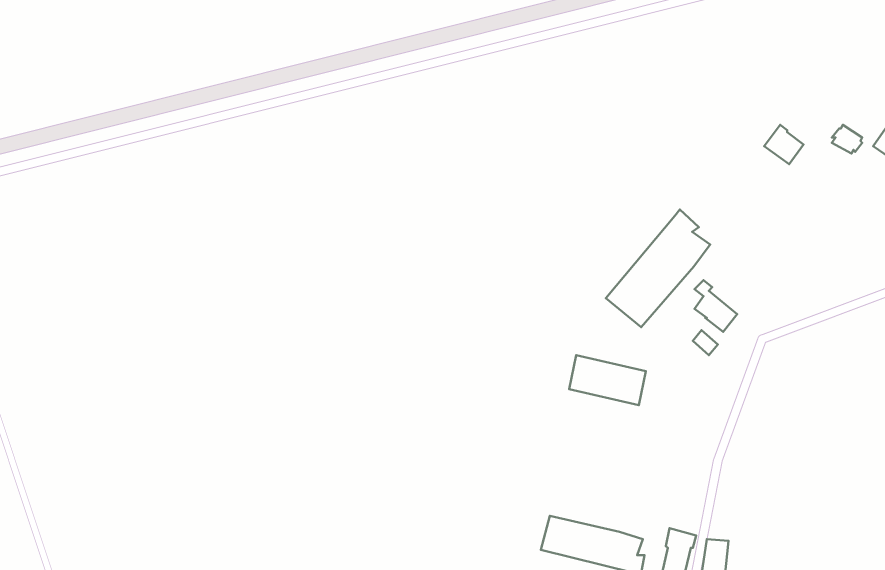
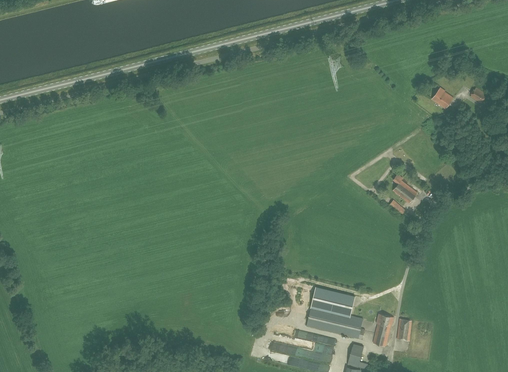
building: [606,209,710,327] -> none
building: [569,355,646,405] -> [311,287,354,315]

